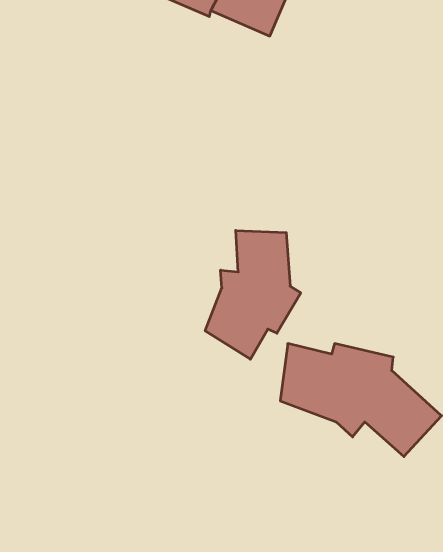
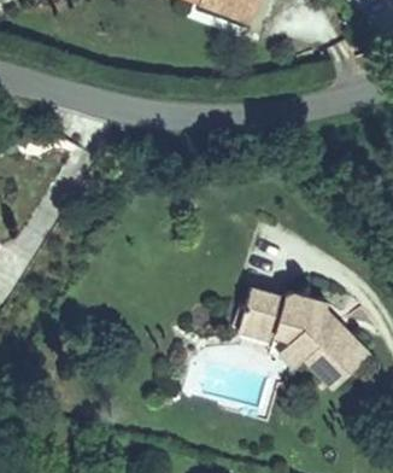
building: [205,230,301,359] -> none

